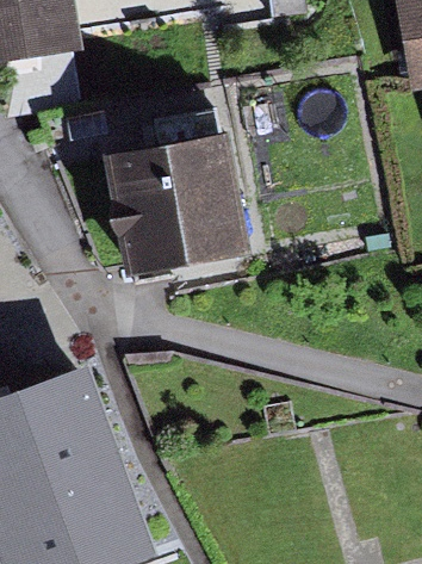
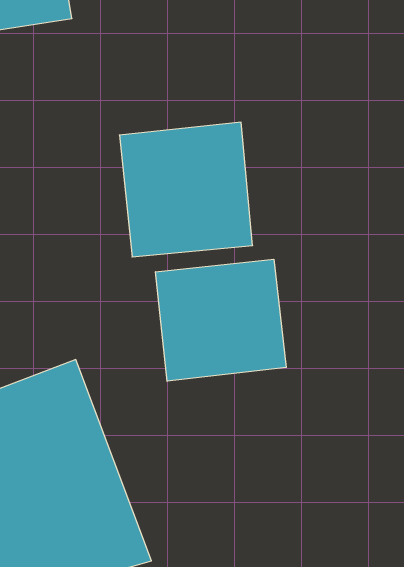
building: none -> [156,259,286,381]

